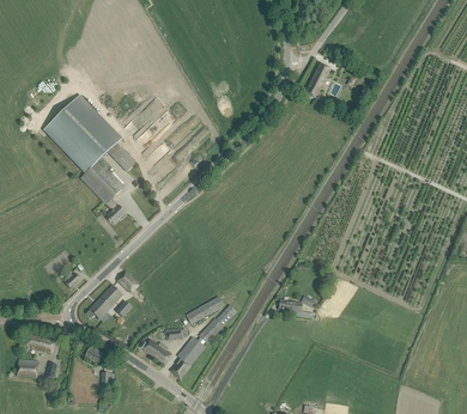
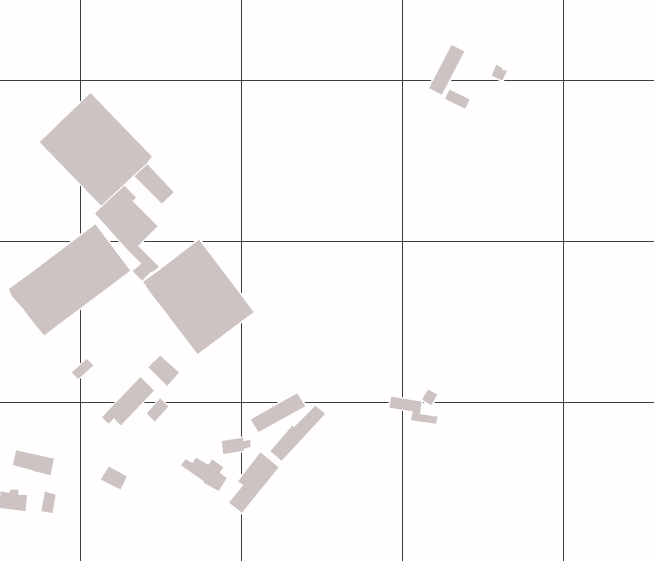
building: none -> [8,223,132,337]
building: none -> [142,239,255,355]

